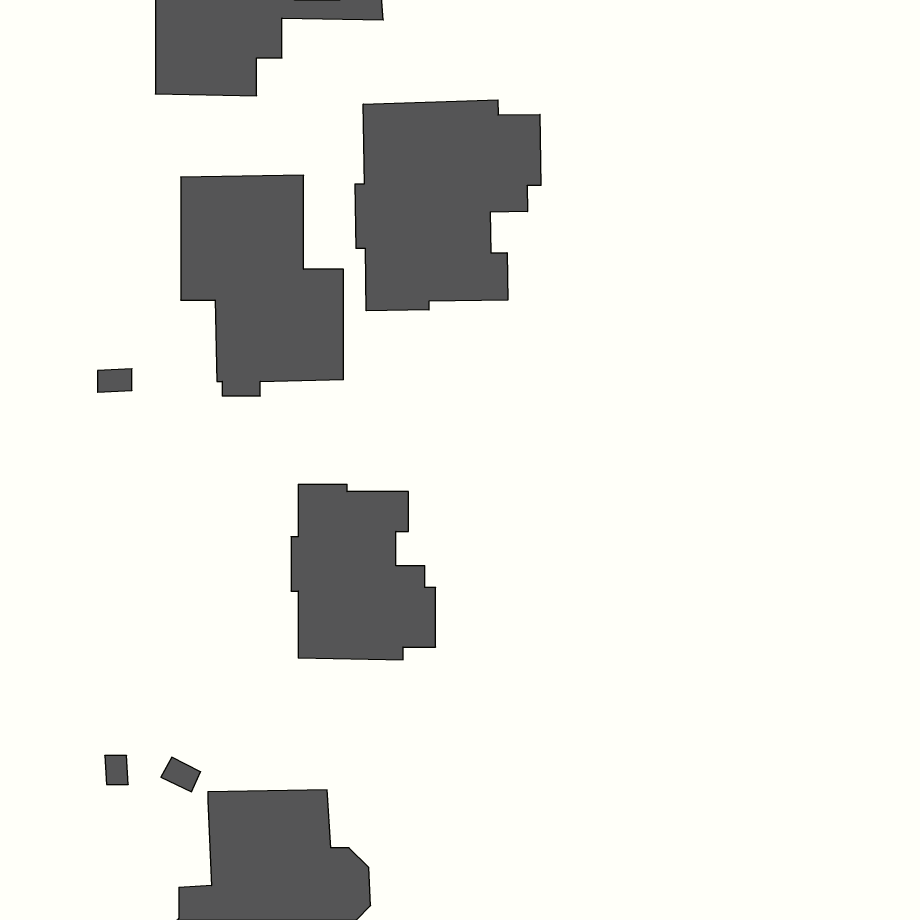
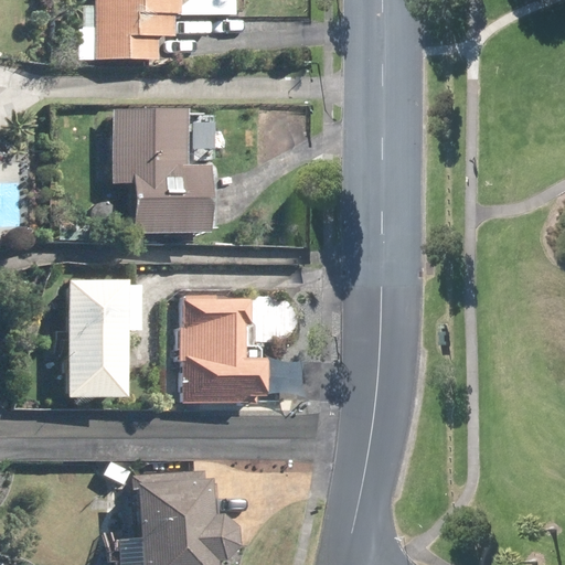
building: [355,100,541,311] -> none
building: none -> [70,279,142,396]

